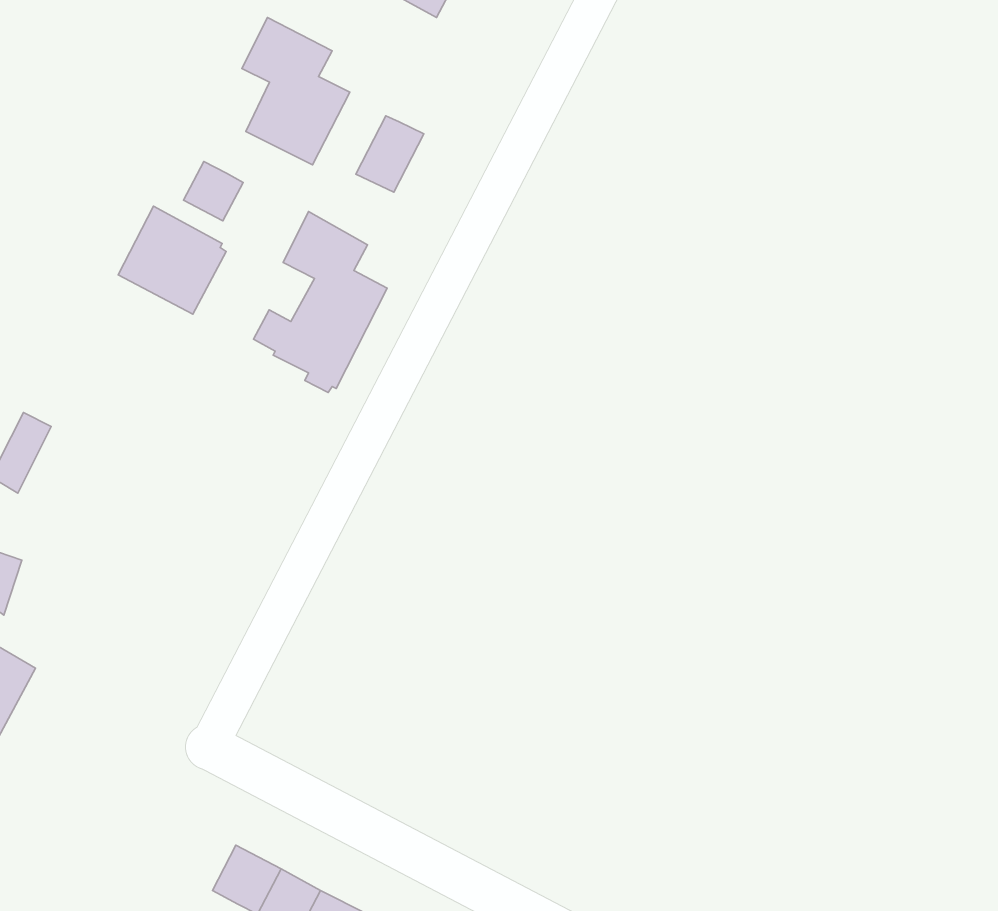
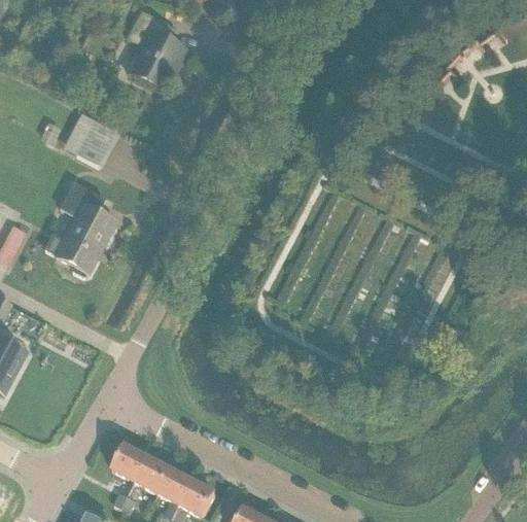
building: [356,116,424,192] -> none
building: [184,162,243,221] -> none
building: [254,211,387,392] -> [45,181,115,276]

